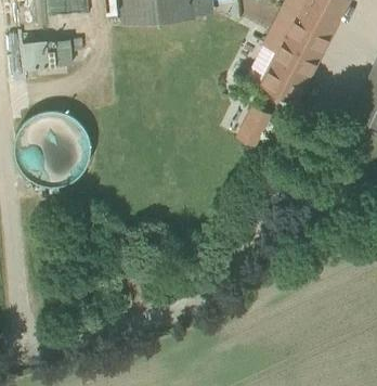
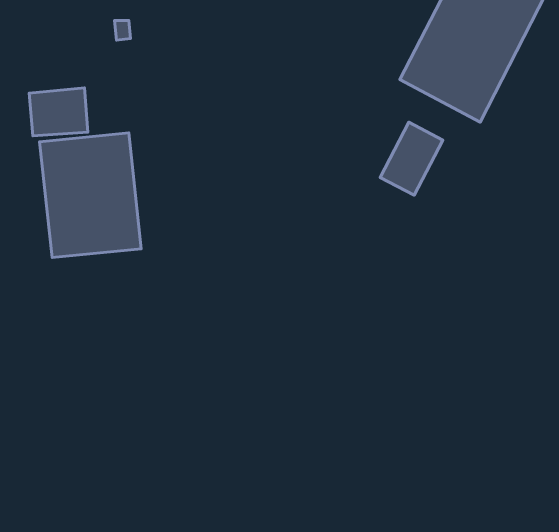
building: [24,39,60,68] -> [29,88,88,136]

